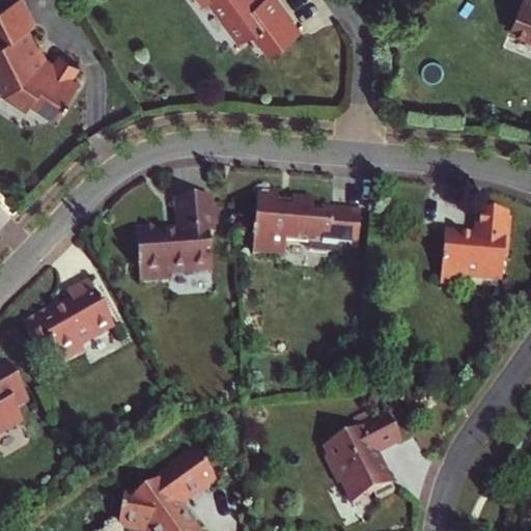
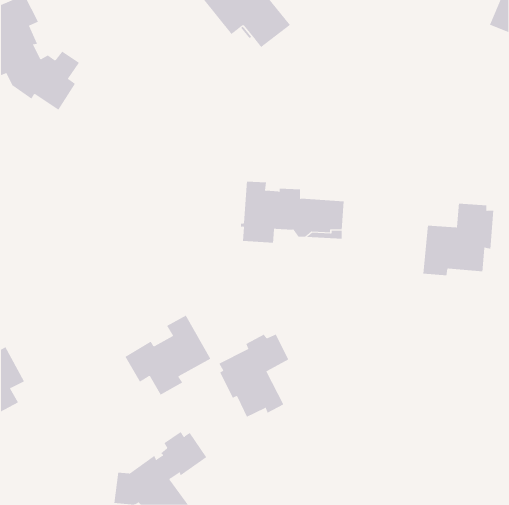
building: [134,196,216,283] -> none
building: [23,277,113,361] -> [124,315,211,396]
building: [328,412,401,499] -> [219,334,289,417]

